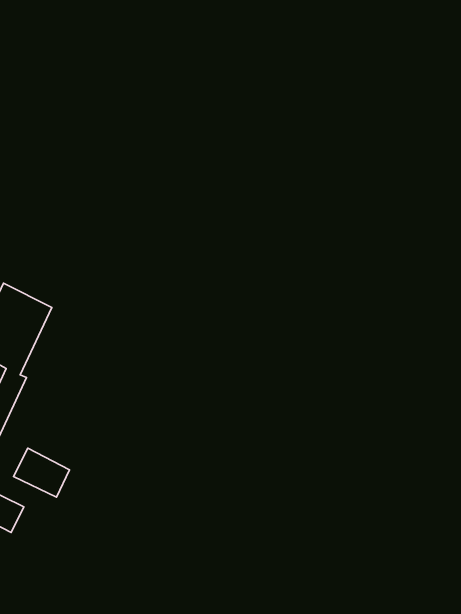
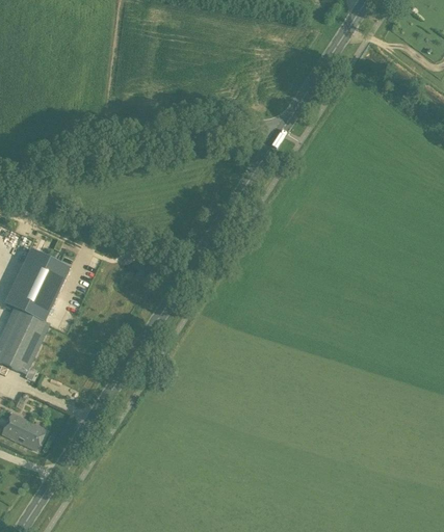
building: [14,448,70,497] -> none

